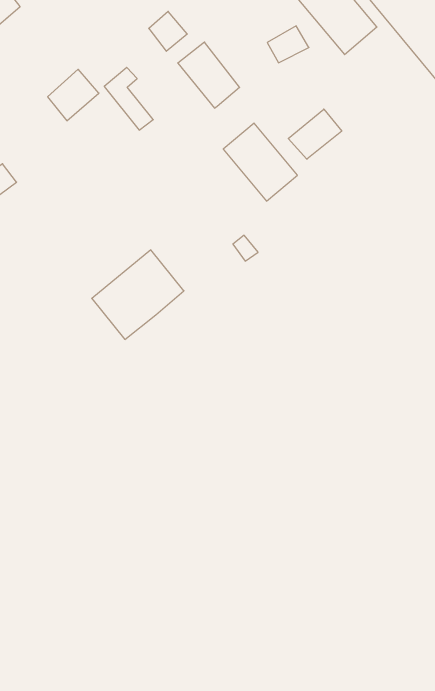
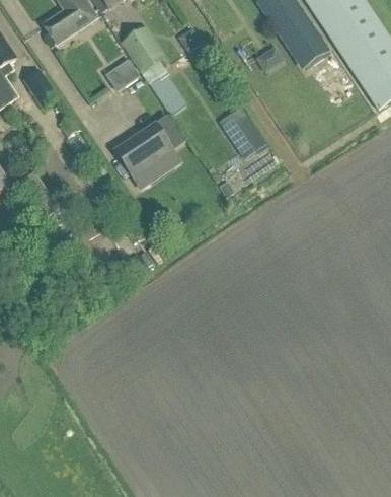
building: [178,42,240,108] -> [121,27,160,72]
building: [288,109,342,159] -> none
building: [92,250,184,339] -> [113,119,175,176]

